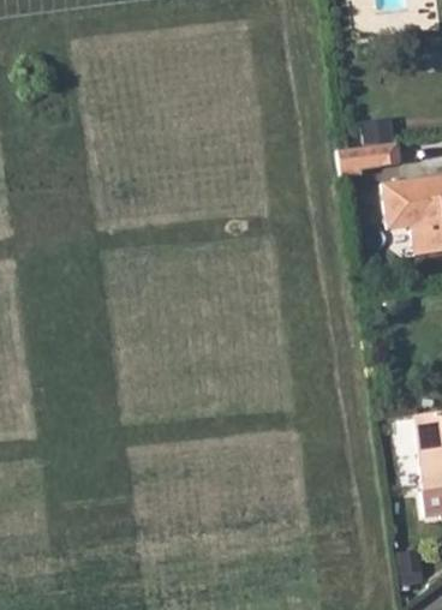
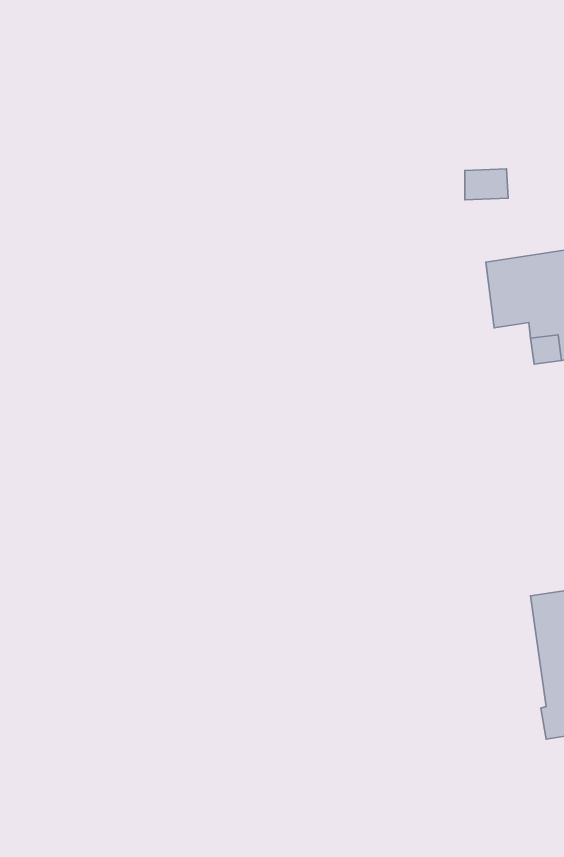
building: [338,142,400,177] -> none

